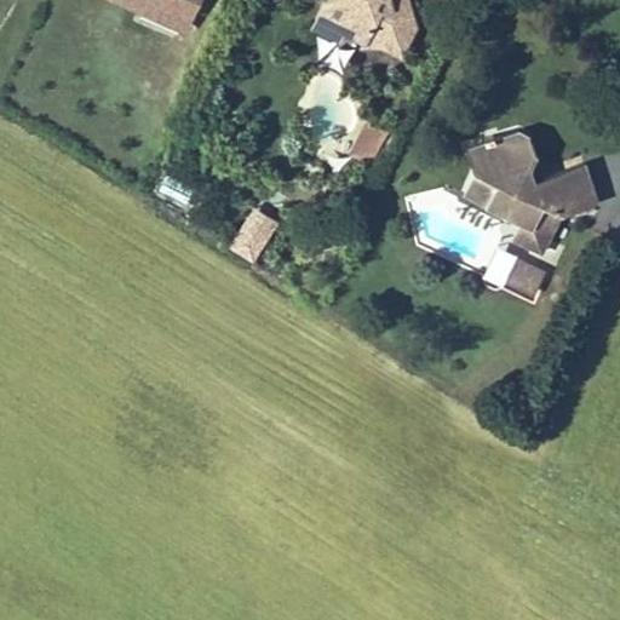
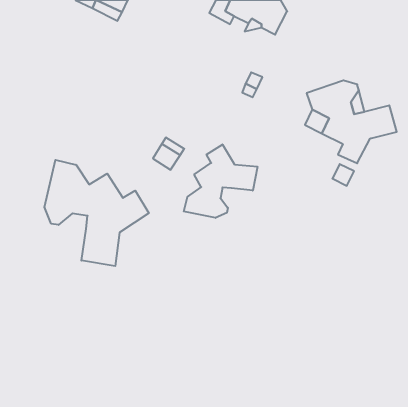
building: none -> [184,144,257,218]
building: none -> [45,160,149,266]

